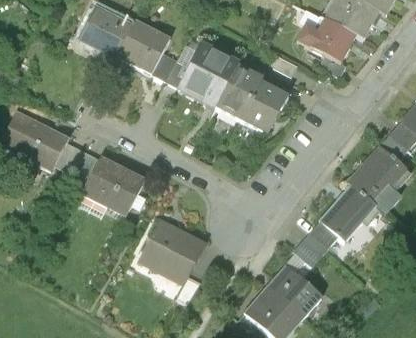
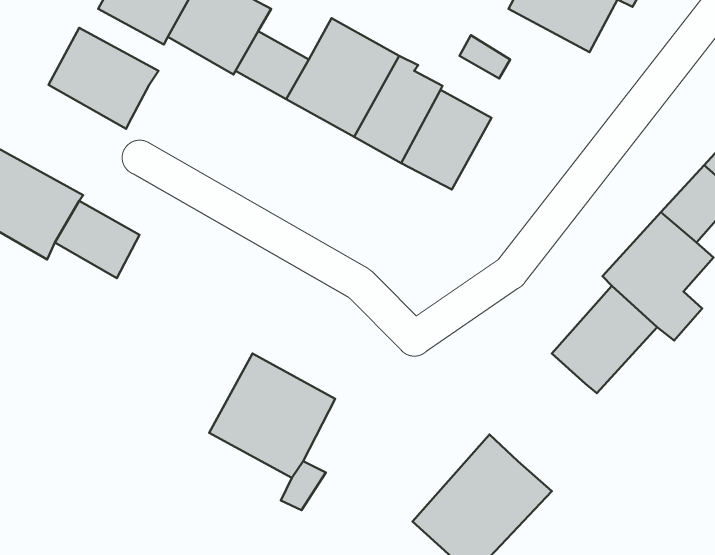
building: none -> [49,28,158,129]
building: [82,156,146,217] -> none
building: [287,221,338,278] -> none

